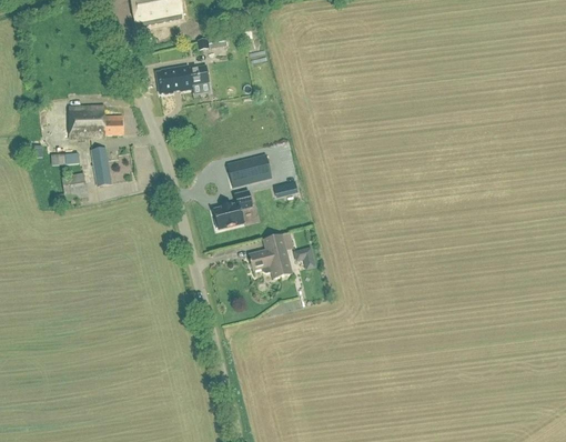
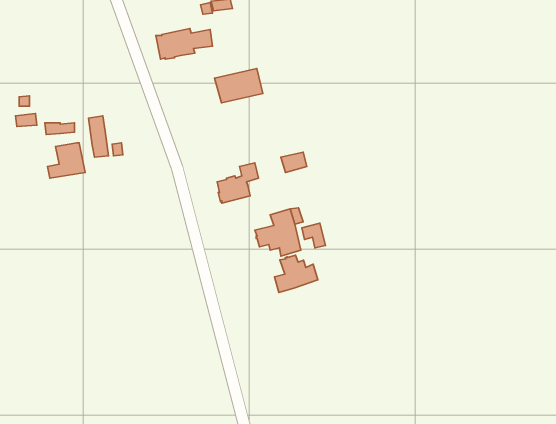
building: [69,104,123,139] -> none
building: [226,154,272,187] -> [214,69,263,103]
building: none -> [274,255,318,292]

